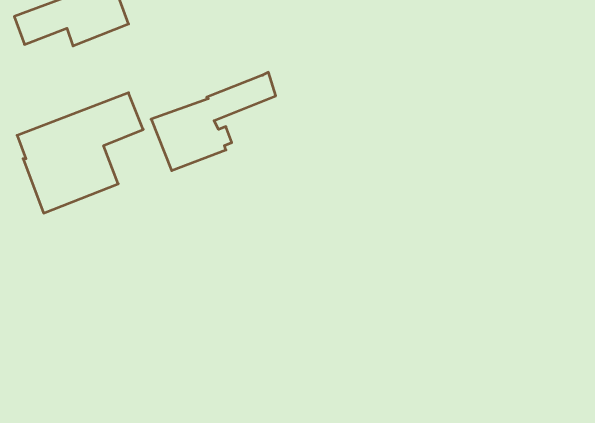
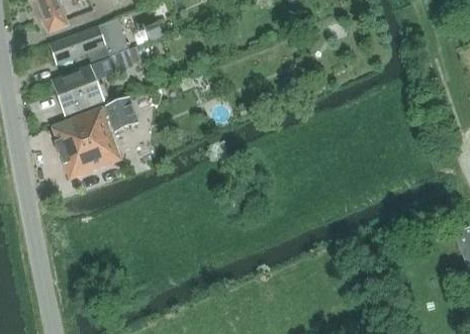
building: [151,72,276,171] -> [52,46,137,114]

